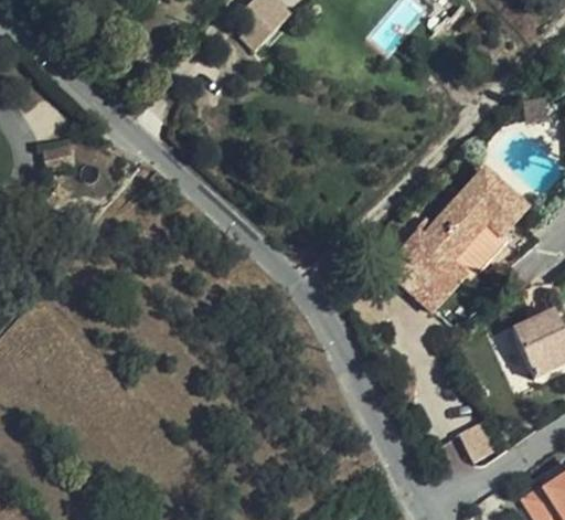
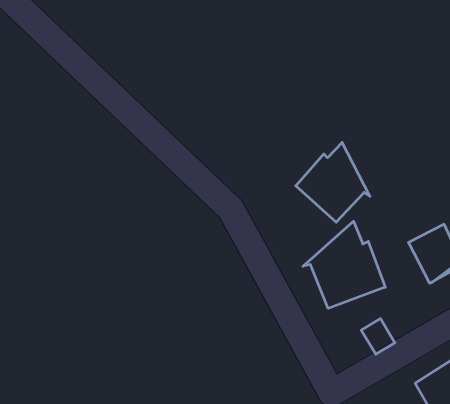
building: [438,168,525,280] -> none
building: none -> [303,221,385,308]

